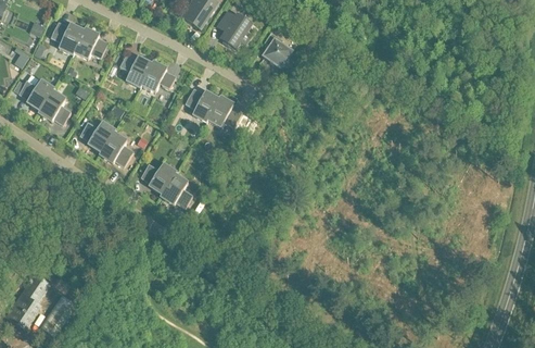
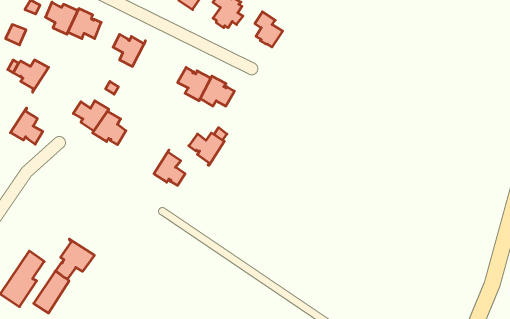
building: [139,61,176,91] -> none
building: [38,87,71,124] -> [10,108,43,144]
building: [140,162,176,195] -> [189,133,224,165]
building: none -> [56,239,94,279]

